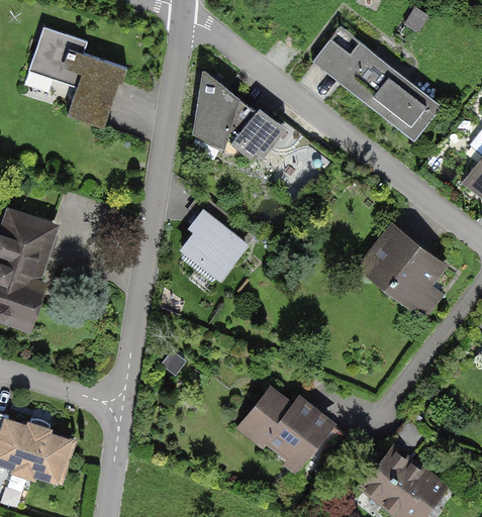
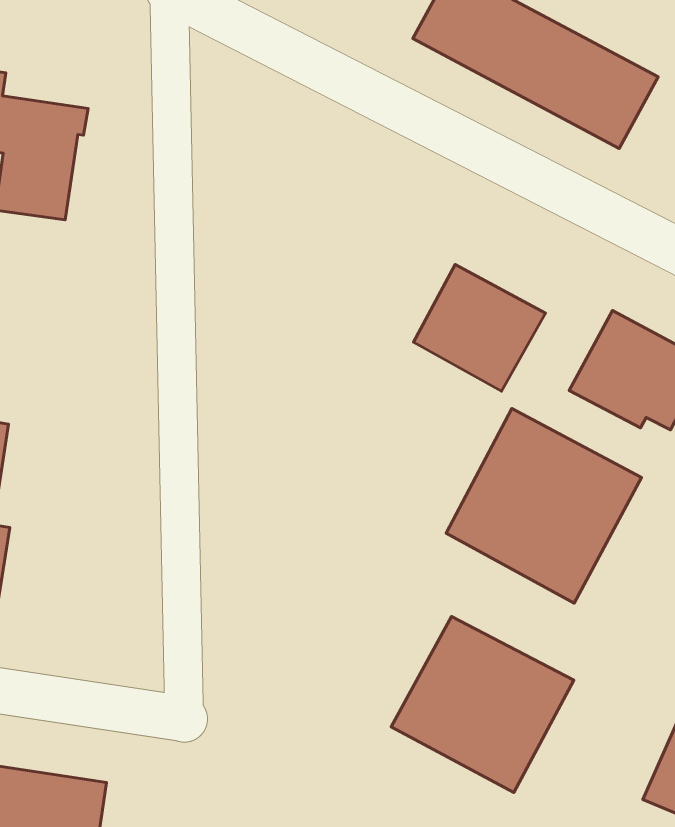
building: [193,70,286,161] -> none
building: [178,217,253,291] -> [413,264,545,391]
building: none -> [446,408,641,603]

